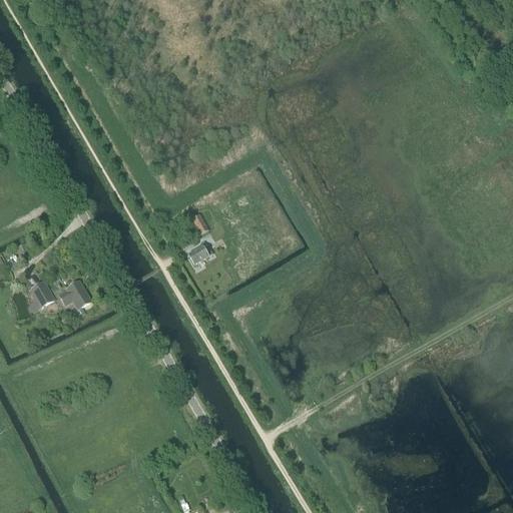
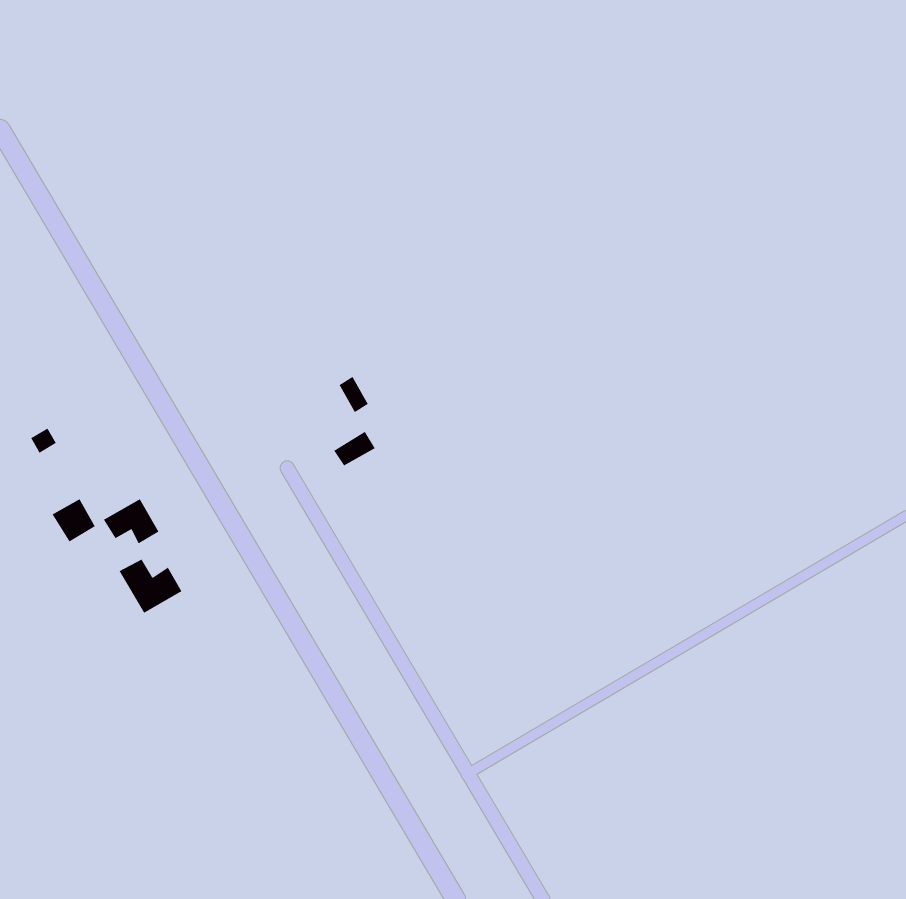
building: none -> [118,558,182,614]

